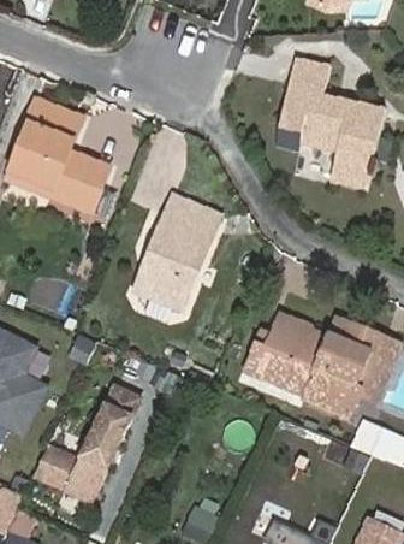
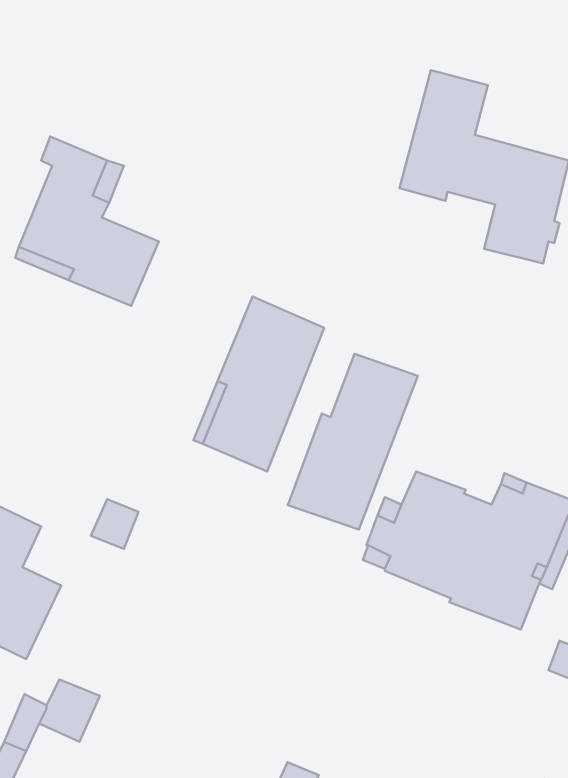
building: none -> [288,354,418,529]
building: [64,392,135,505] -> none

